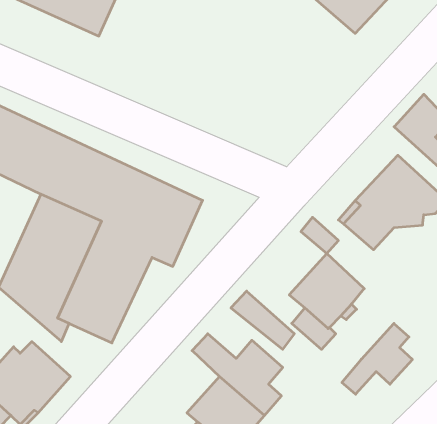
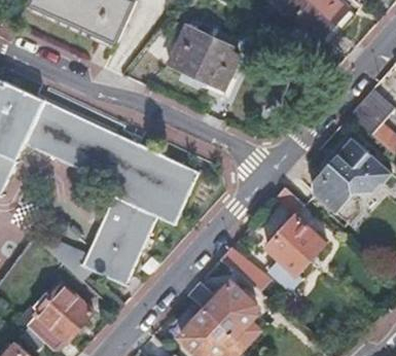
building: none -> [168,24,238,87]
building: [342,323,412,394] -> none

